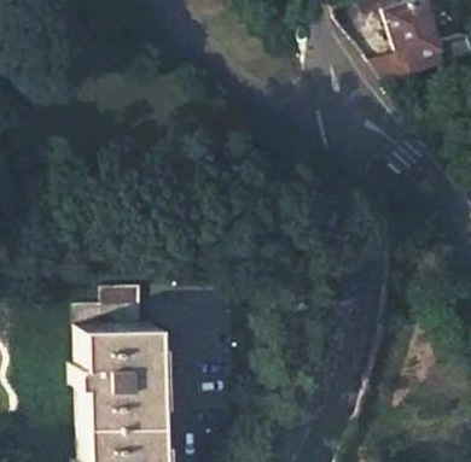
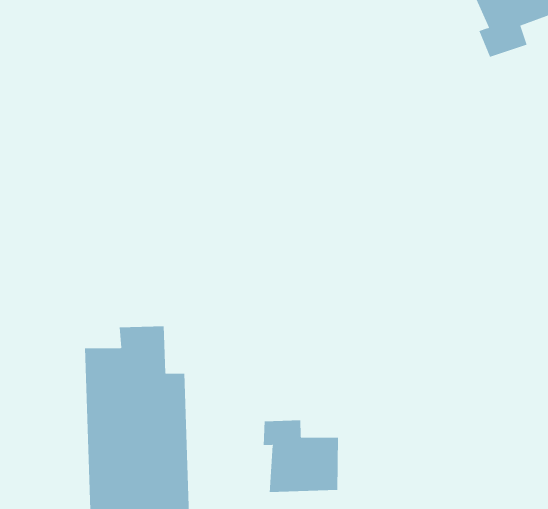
building: none -> [263,419,338,493]

